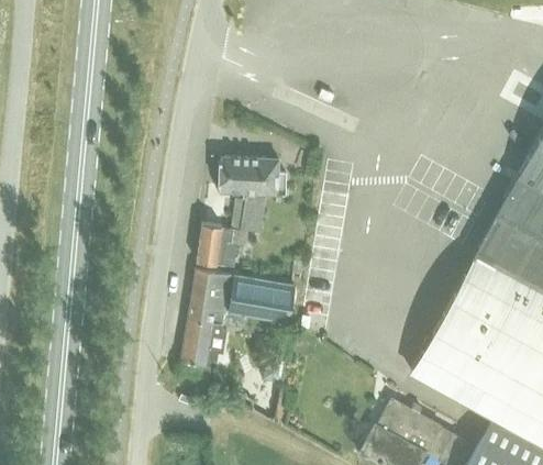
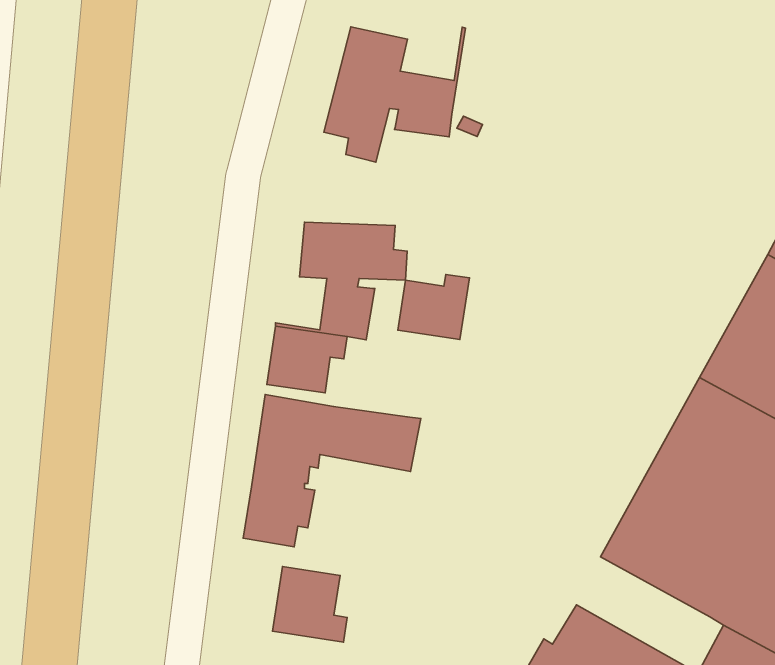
building: none -> [324,27,466,162]
building: none -> [398,274,470,339]
building: none -> [273,566,347,642]

